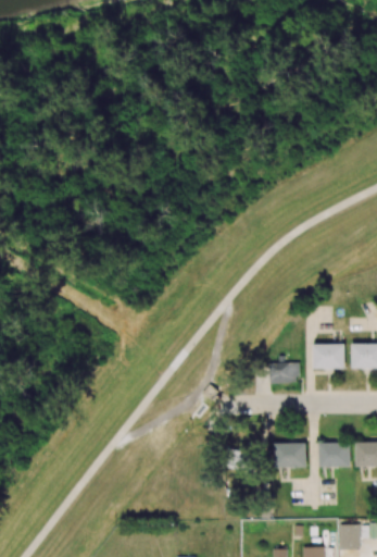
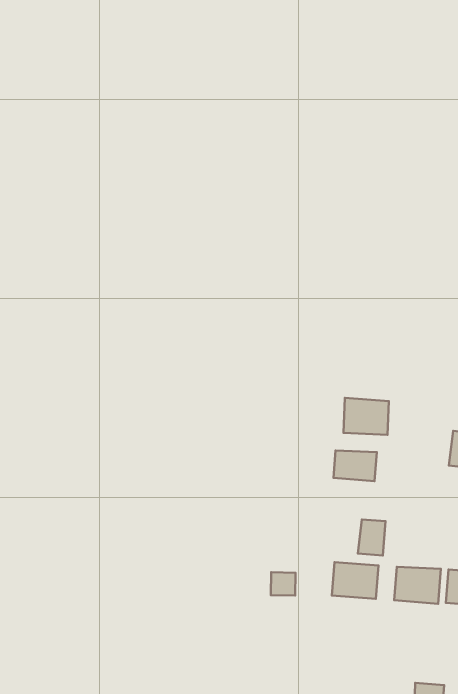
building: [312,344,344,369] -> [343,398,389,435]
building: none -> [358,519,386,555]

